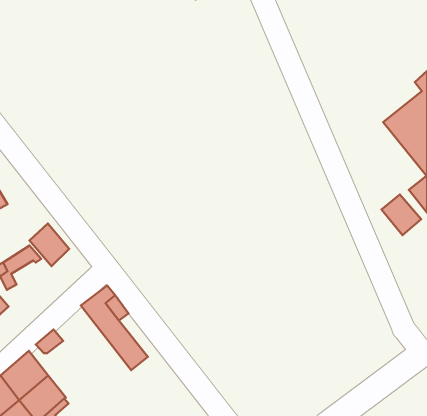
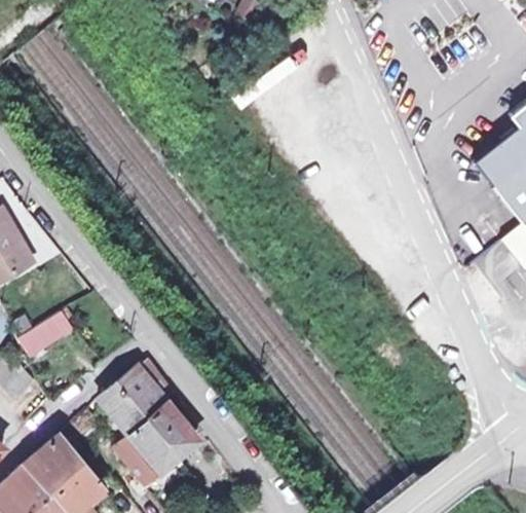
building: [29,223,69,266] -> none
building: none -> [101,379,180,481]

